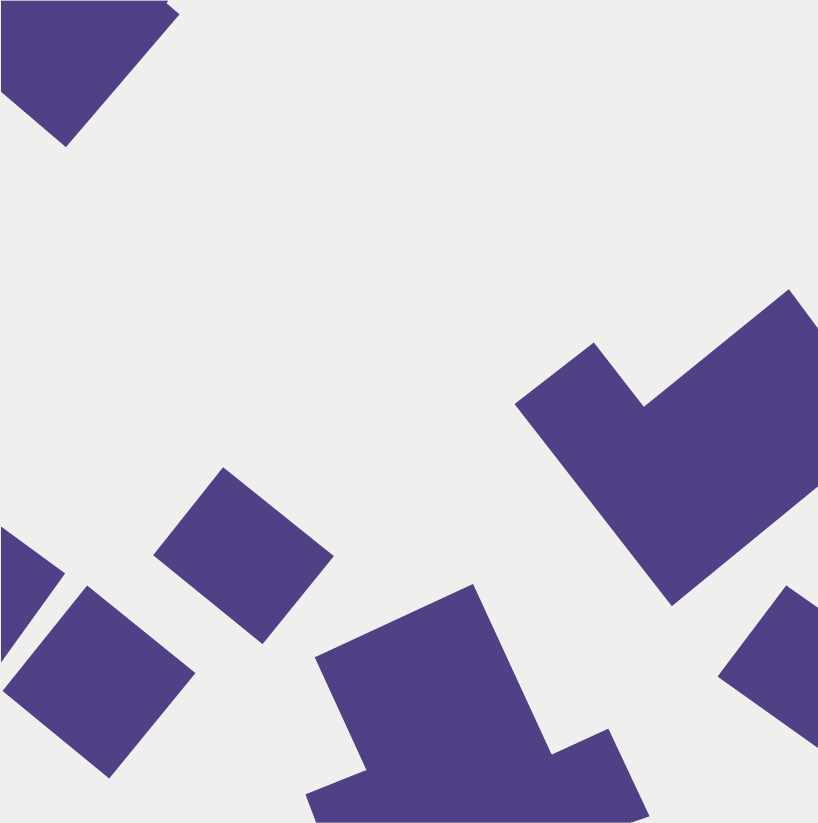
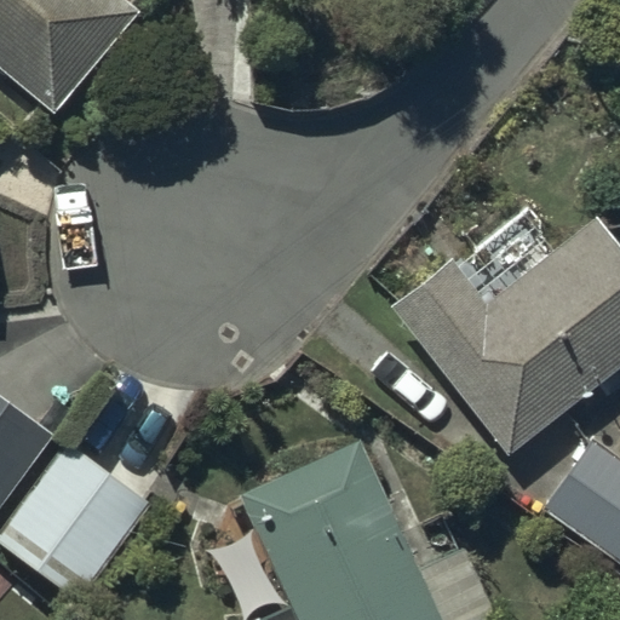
building: [152,466,335,645] -> none

